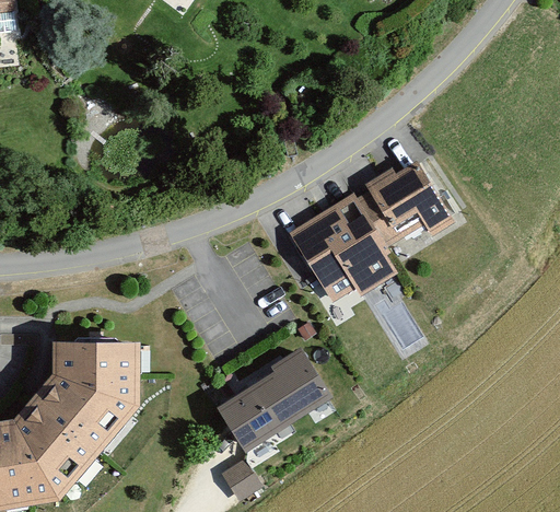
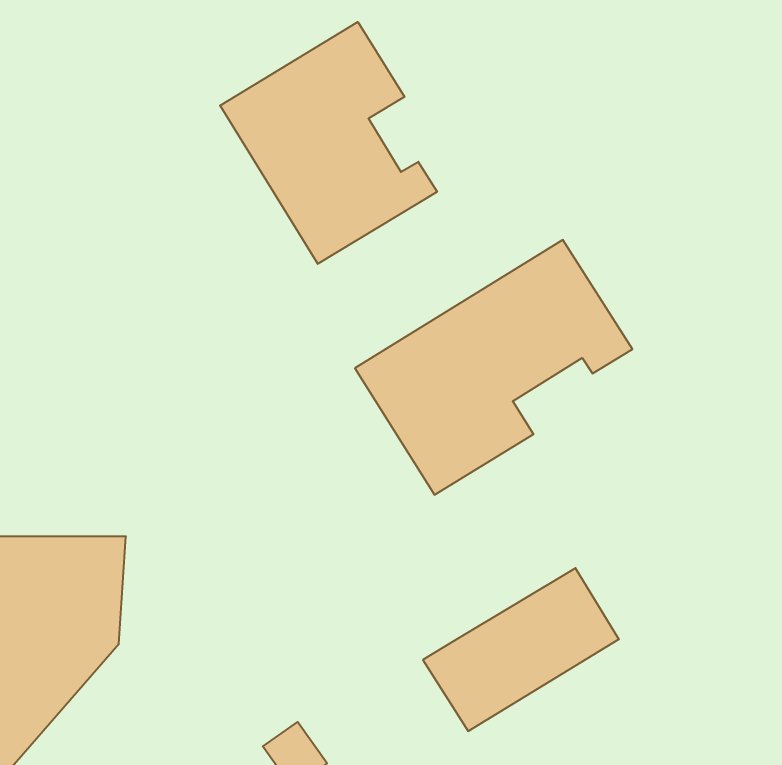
building: none -> [220,22,437,264]
building: [209,349,332,452] -> [423,568,619,731]

